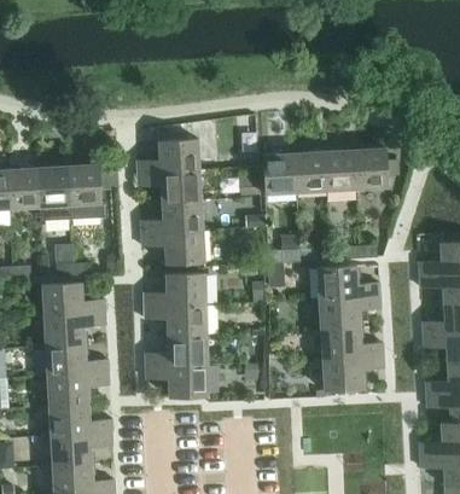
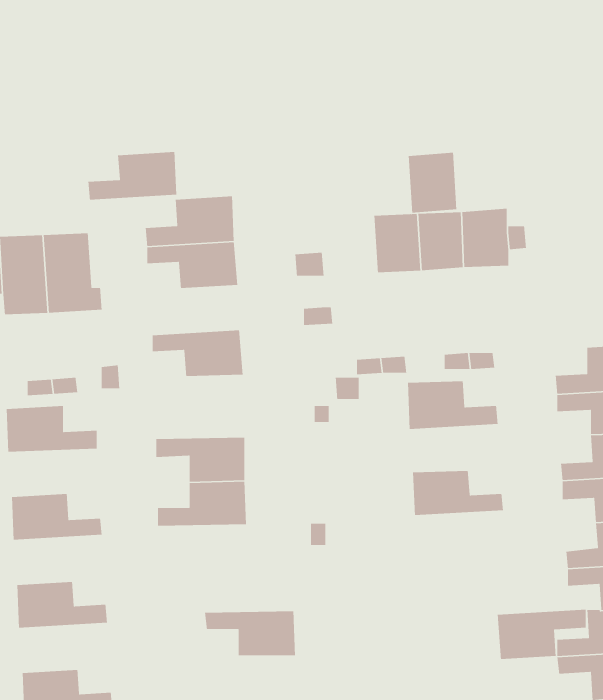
building: [262,152,296,194] -> [408,152,457,214]
building: [140,200,202,234] -> [87,151,177,200]
building: [144,273,205,306] -> none
building: [318,296,380,329] -> none
building: [42,313,105,345] -> none
building: [321,355,383,390] -> [497,609,587,660]
building: [145,365,208,396] -> [204,610,296,656]
building: [46,372,109,406] -> none
building: [50,432,111,466] -> none

